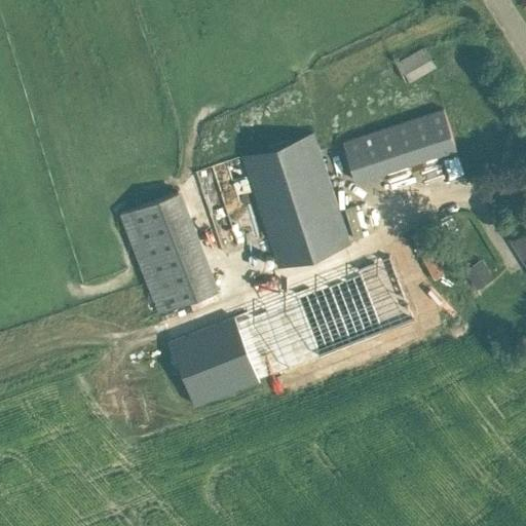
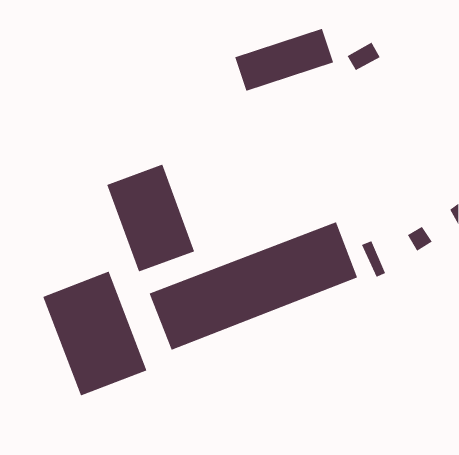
building: [342,112,456,185] -> [234,28,334,92]
building: [241,134,348,268] -> none
building: none -> [42,271,148,397]

